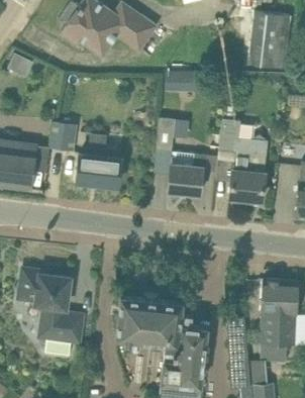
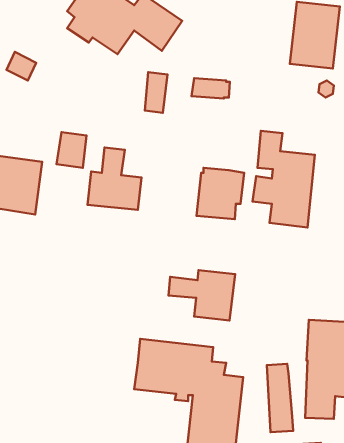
building: [157,116,176,151] -> [145,72,167,113]
building: none -> [168,270,235,320]
building: [19,268,84,356] -> none

